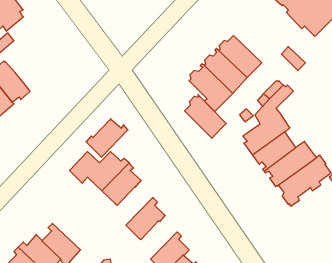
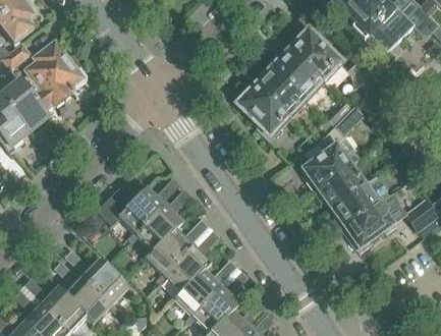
building: none -> [291,27,341,80]
building: none -> [19,40,87,109]
building: [185,95,226,138] -> none
building: [86,119,128,157] -> [145,228,195,274]
building: none -> [75,258,126,303]
building: none -> [173,269,224,315]

